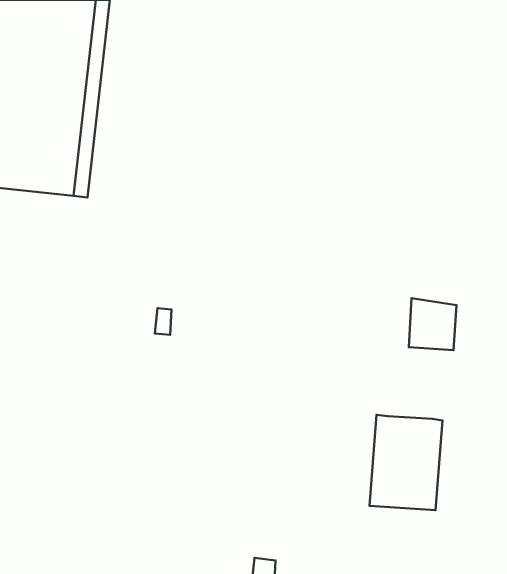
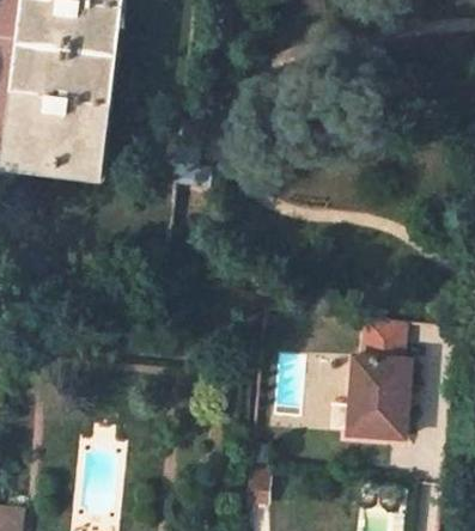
building: [409,298,456,350] -> [360,316,401,360]

